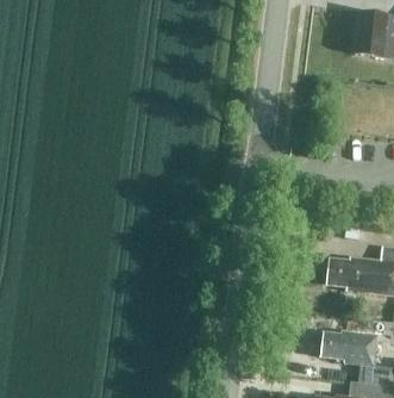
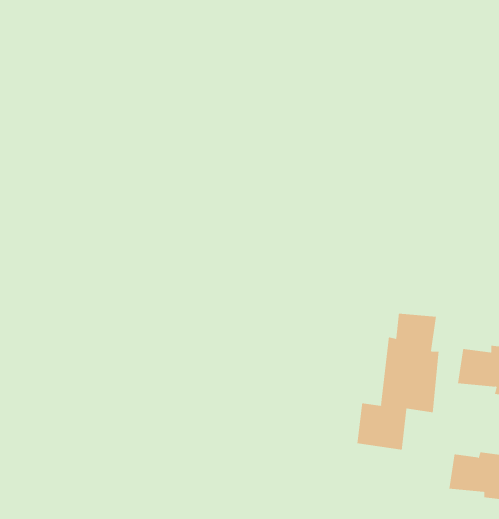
building: none -> [357,313,439,450]

